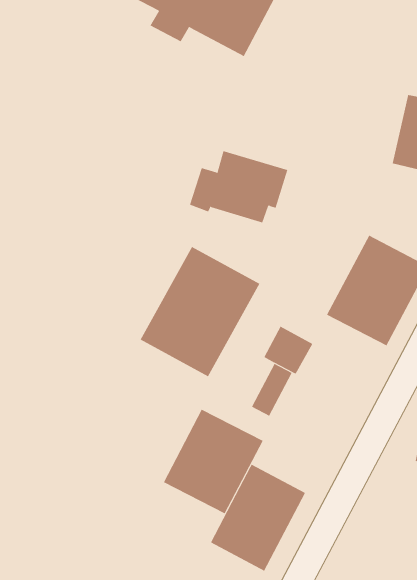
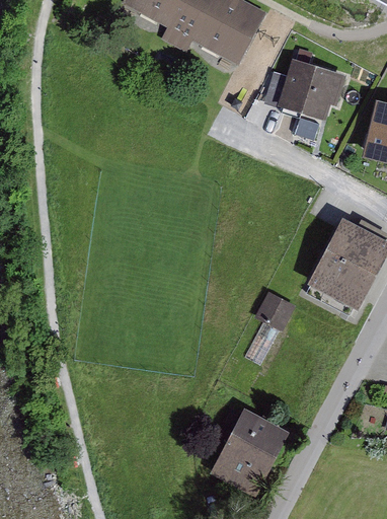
building: [189,150,288,223] -> [263,58,346,119]
building: [140,246,260,377] -> none
building: [163,409,263,514] -> none

